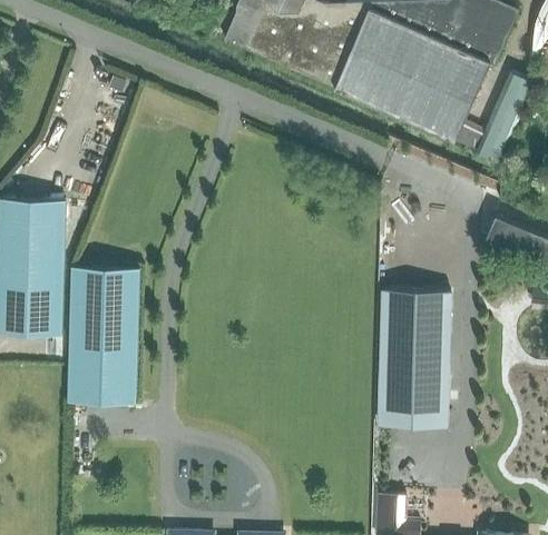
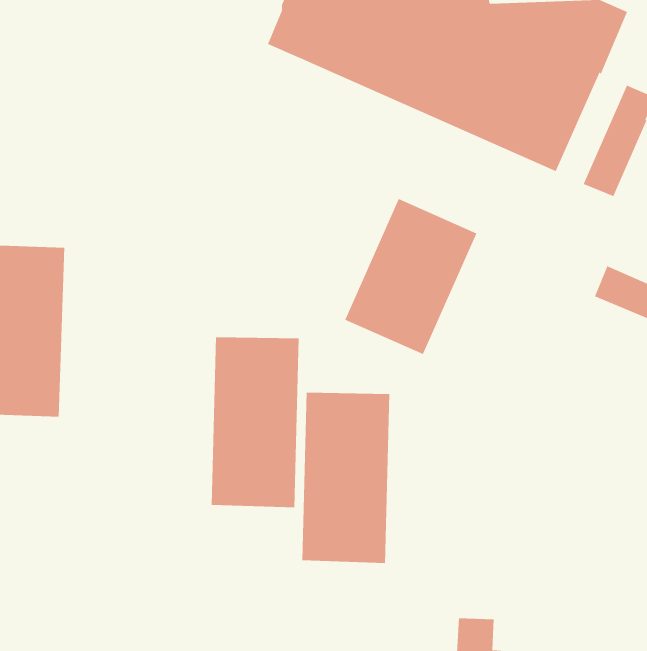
building: none -> [345,198,477,355]
building: [68,267,138,403] -> [211,337,299,508]
building: [379,290,449,426] -> [302,392,390,563]

